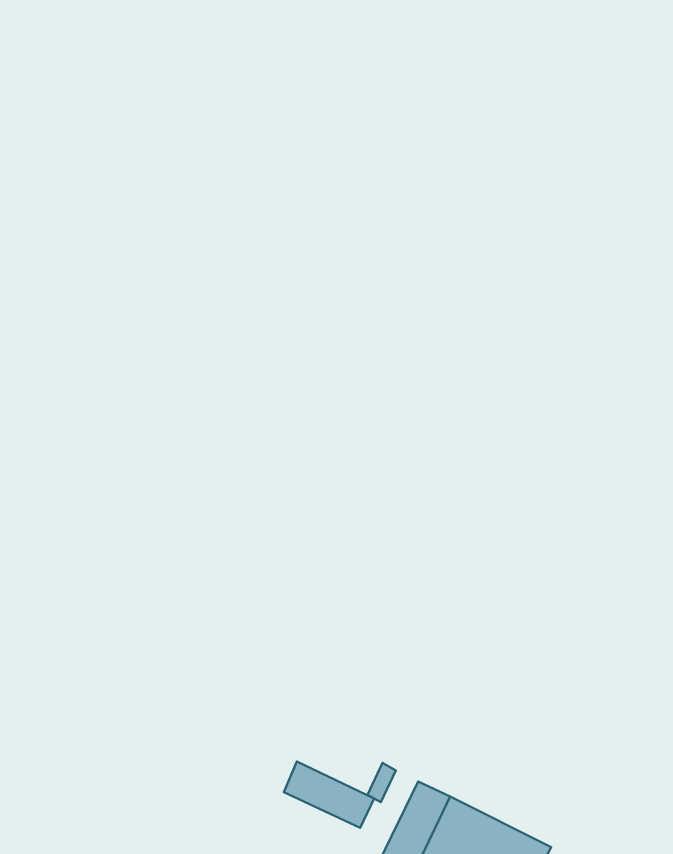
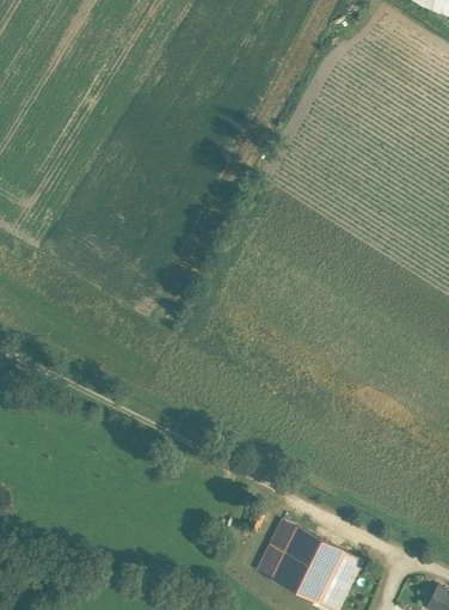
building: [284,762,374,828] -> none

